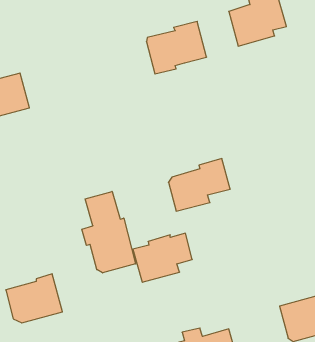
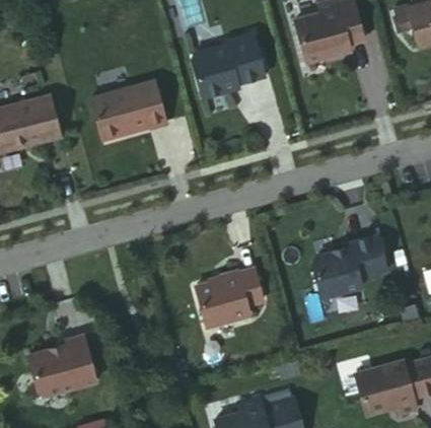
building: none -> [91,80,166,138]
building: [168,159,230,211] -> [313,233,387,296]
building: [82,191,136,273] -> none

